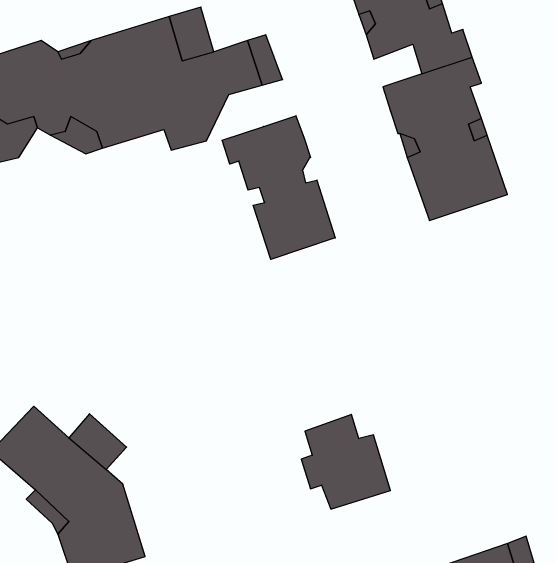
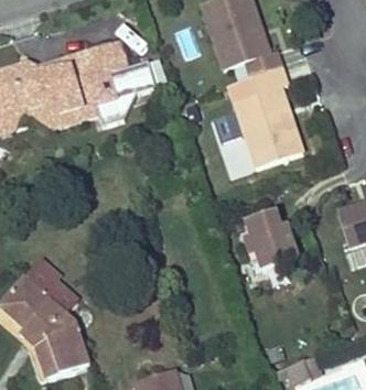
building: [222,116,335,259] -> none
building: [301,414,390,509] -> [244,210,297,267]

